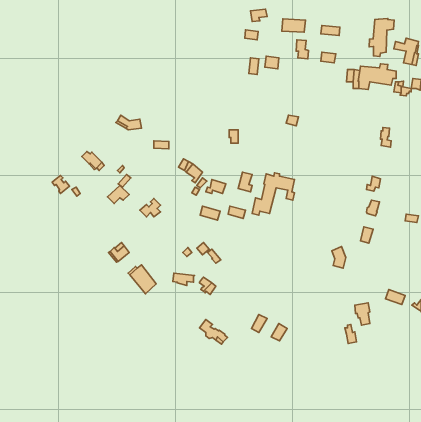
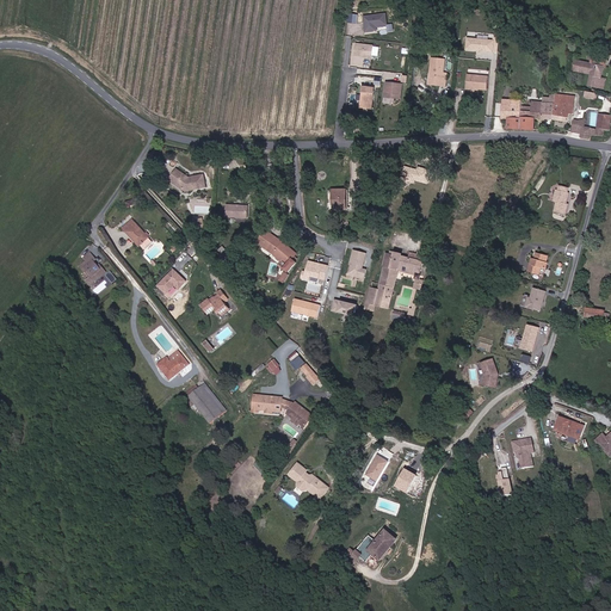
building: [369,19,394,56] -> none
building: [282,19,306,32] -> none
building: none -> [366,527,399,561]

